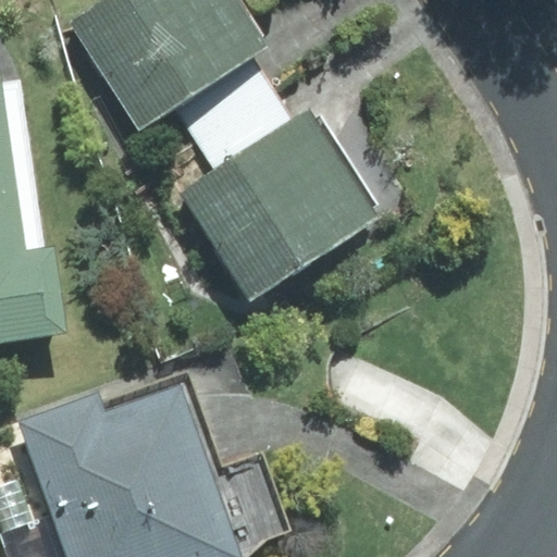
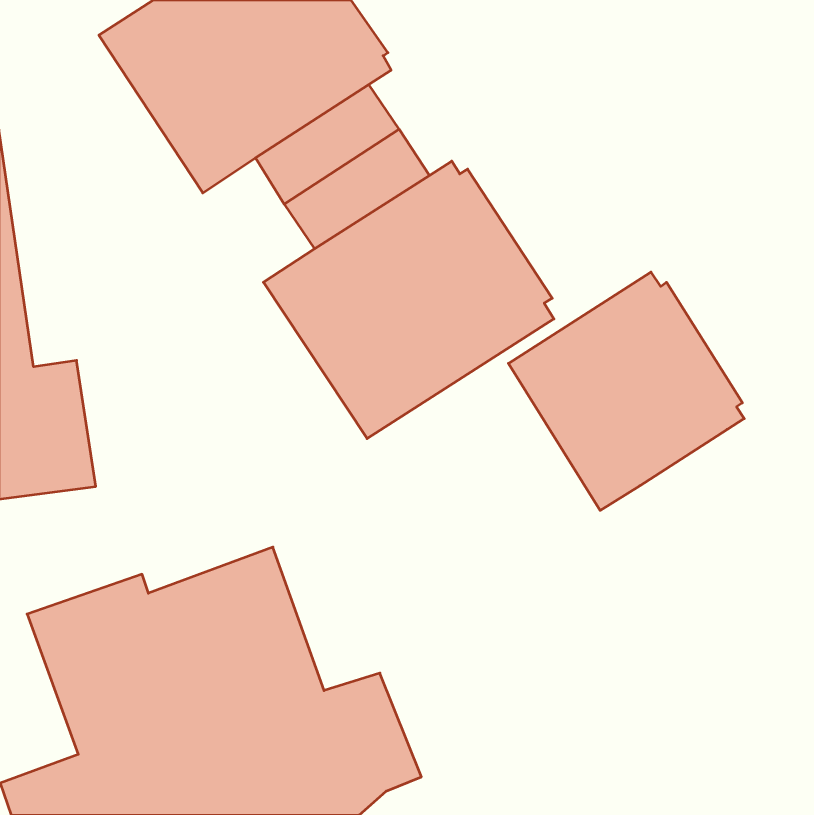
building: none -> [508,272,744,510]

